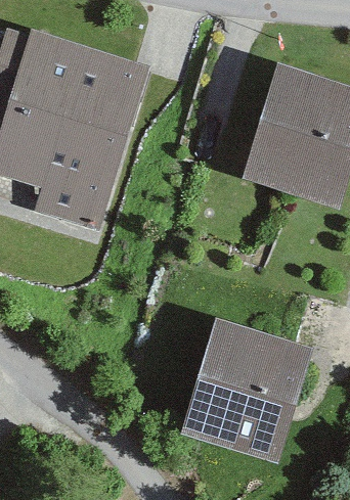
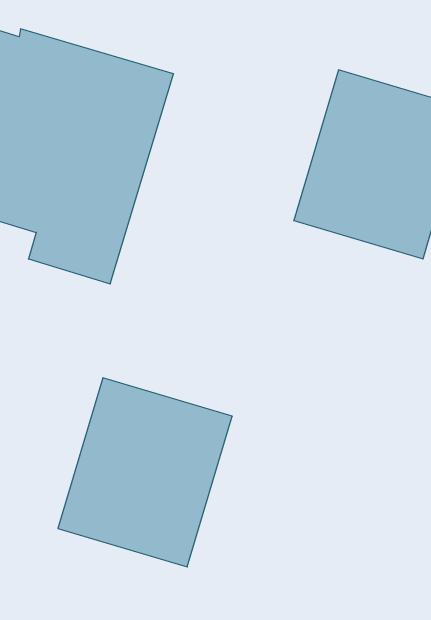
building: [179,318,314,464] -> [58,378,232,567]

